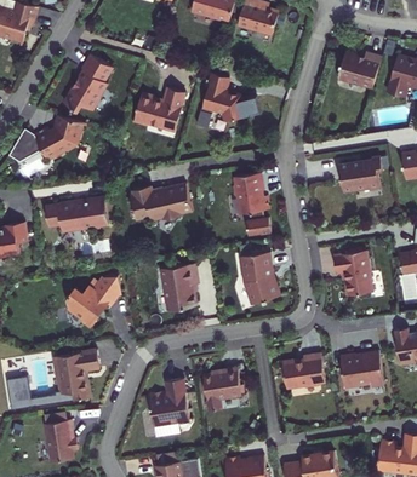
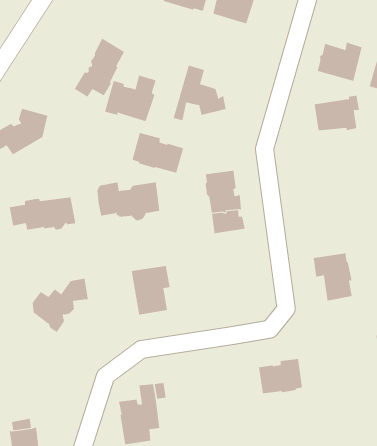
building: [62,54,110,111] -> [74,38,125,98]
building: none -> [132,132,184,173]
building: [338,156,382,190] -> [314,95,360,131]
building: [239,253,280,306] -> none
building: [51,350,98,401] -> none
building: [338,350,383,387] -> none
building: [202,366,240,409] -> none

